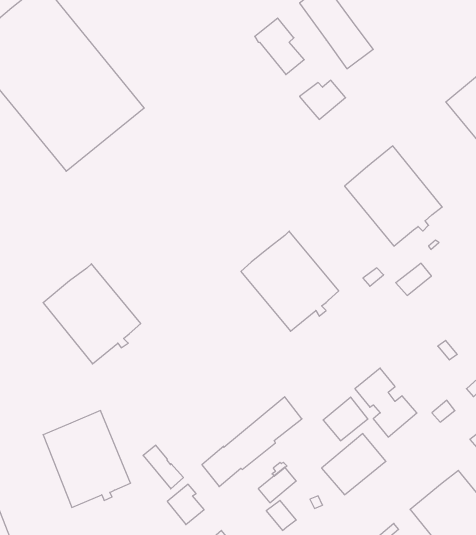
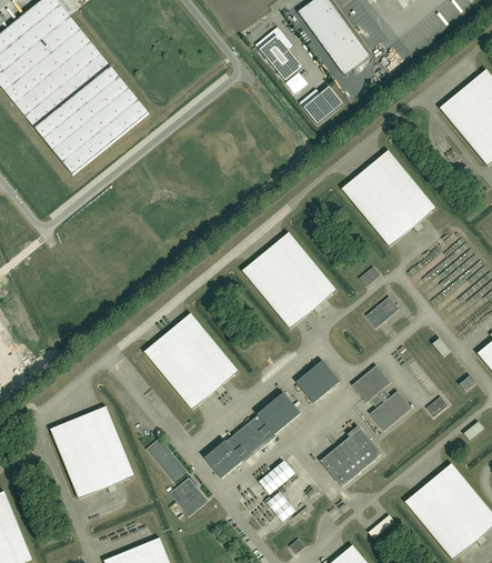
building: [396,263,431,295] -> [364,296,399,328]
building: [43,264,141,364] -> [143,313,238,410]
building: [323,397,368,441] -> [295,360,339,402]

